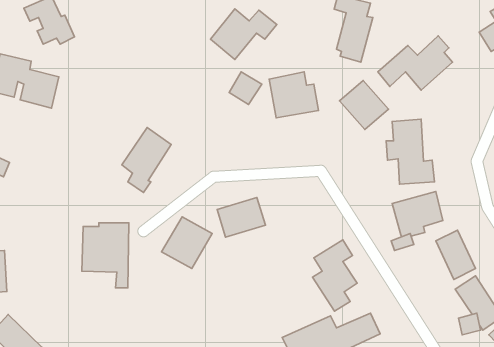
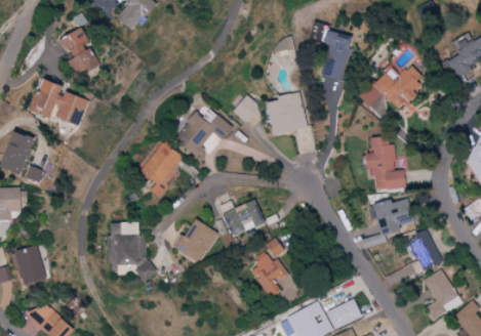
building: [211,9,277,60] -> [175,113,232,156]
building: [339,80,388,130] -> none
building: [313,240,357,311] -> [251,238,289,298]

